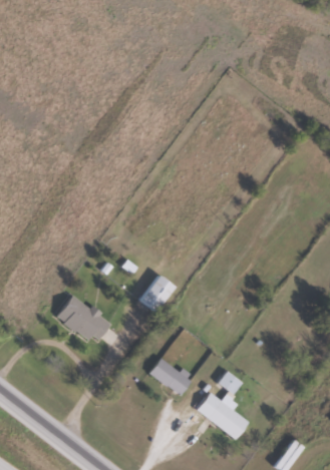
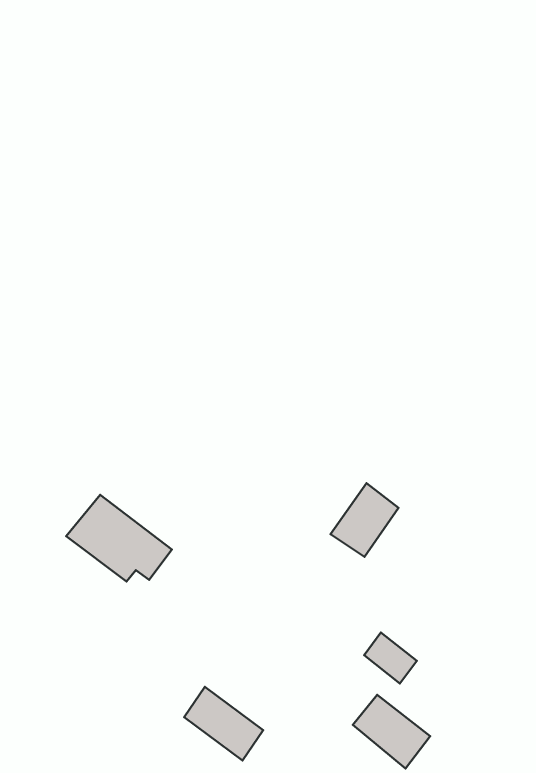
building: [138,273,175,312] -> [331,483,398,557]
building: [148,357,191,396] -> [184,687,263,761]

